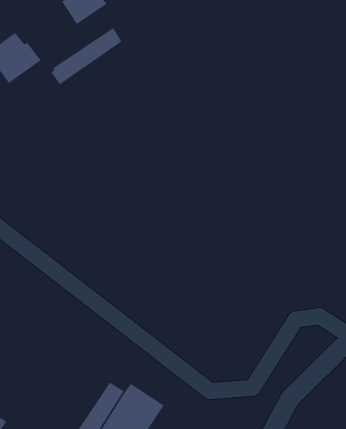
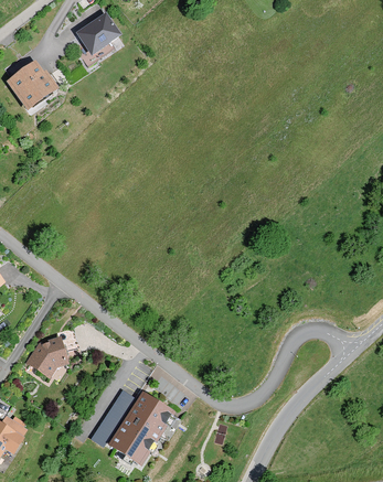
building: [51,27,122,85] -> none
building: none -> [25,335,68,377]

